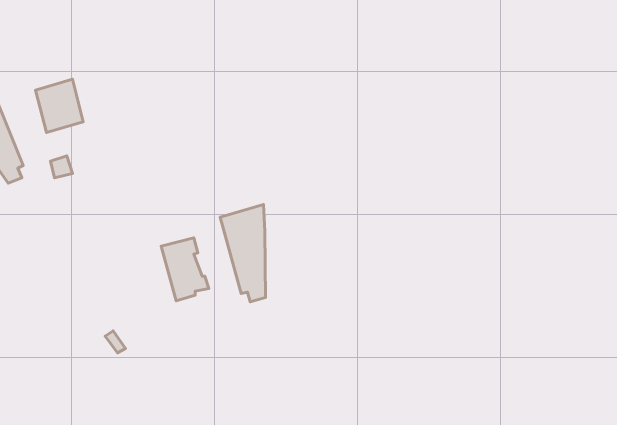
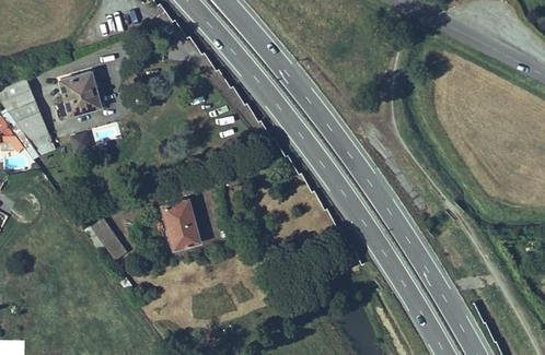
building: [220,205,266,302] -> none
building: none -> [84,218,126,260]

